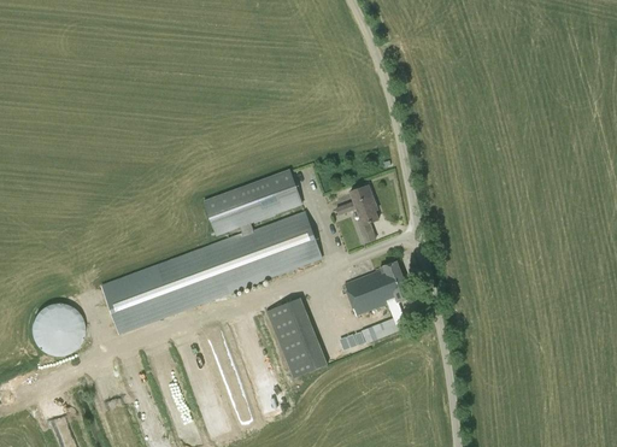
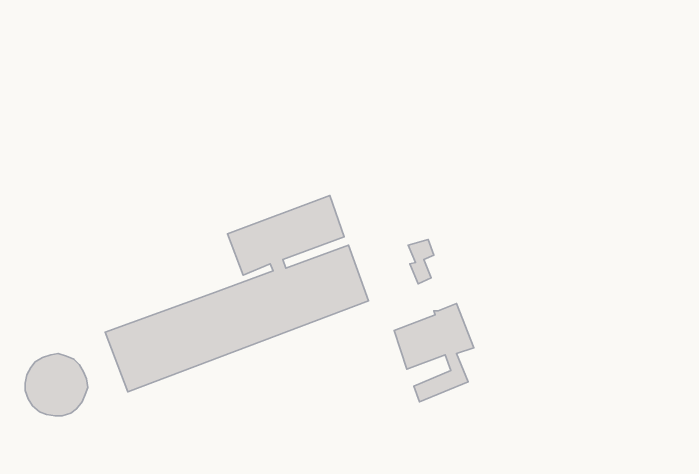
building: [335,184,375,216] -> none
building: [265,298,327,378] -> none

